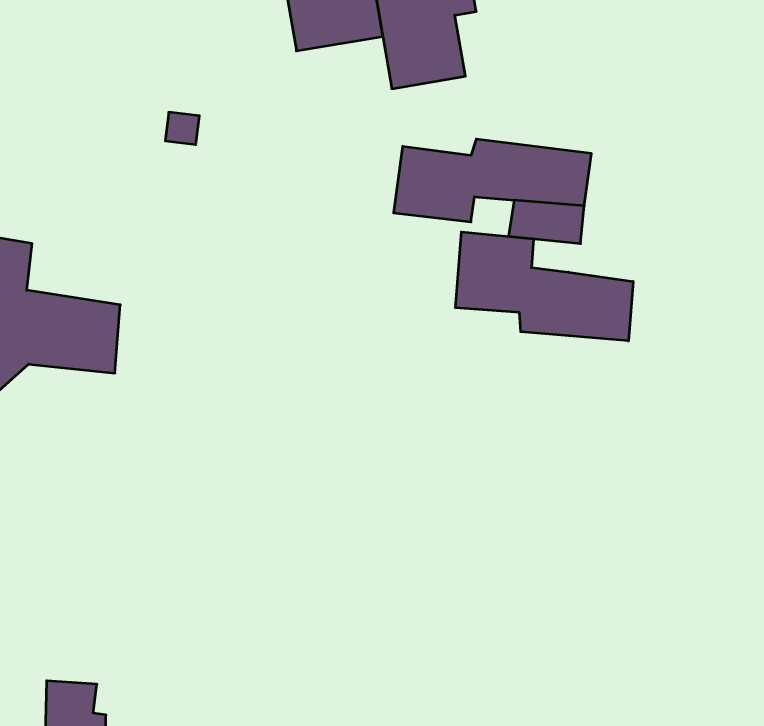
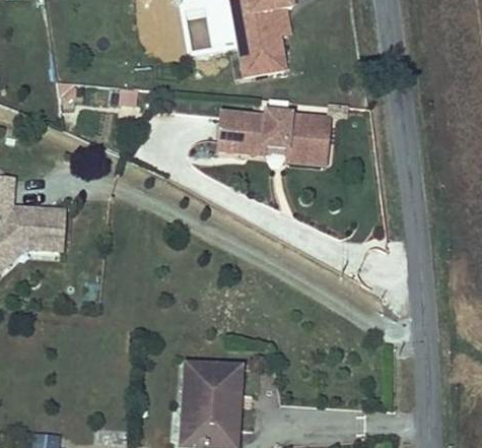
building: [455,232,633,341] -> none
building: none -> [182,353,239,435]

